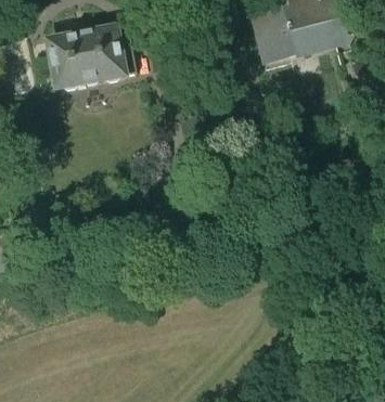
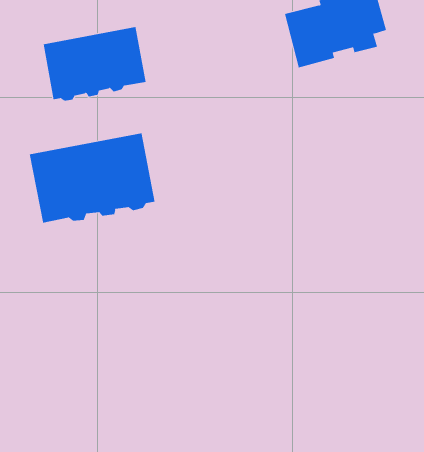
building: none -> [29,133,155,223]

